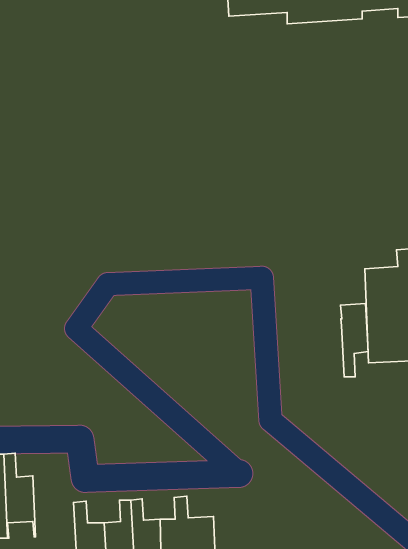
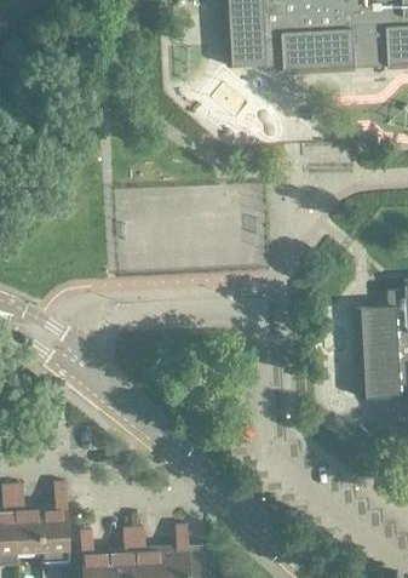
building: [341,303,368,377] -> none
building: none -> [41,481,70,562]

